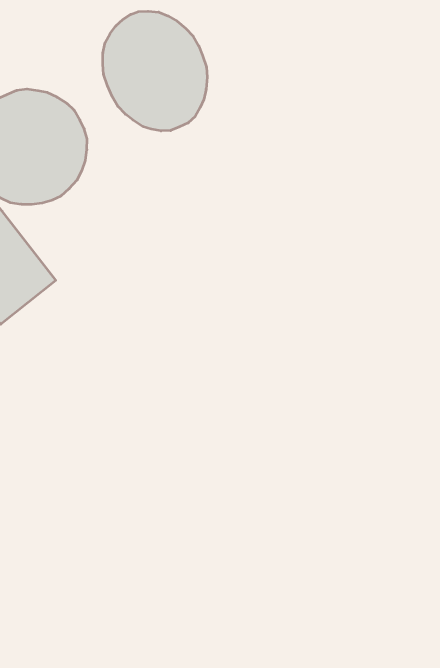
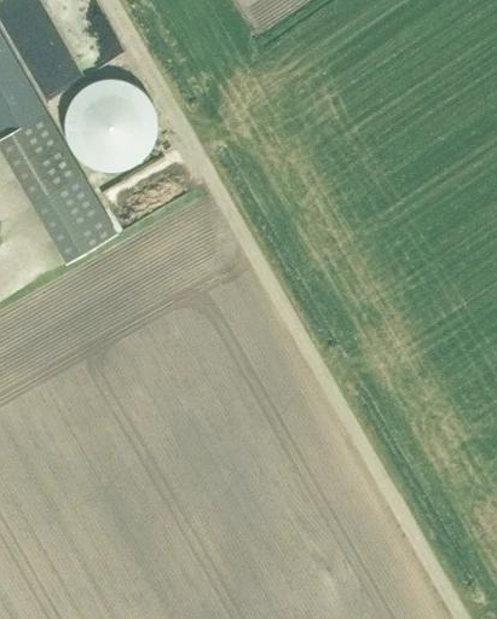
building: [103,11,207,131] -> none

